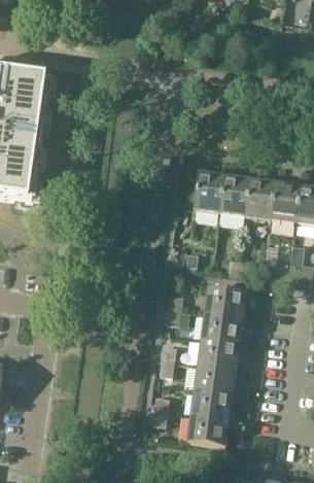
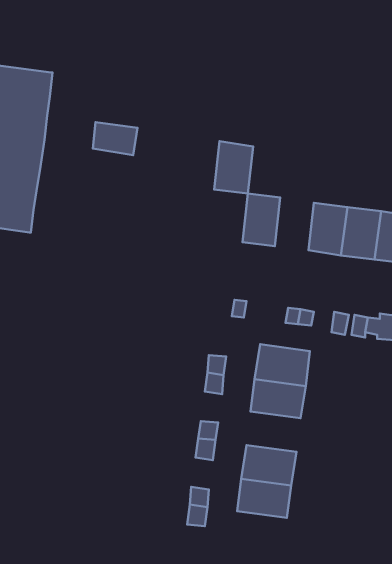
building: none -> [93,122,138,155]
building: [219,174,249,214] -> [214,141,253,194]
building: [198,338,239,369] -> none
building: [186,414,229,445] -> none

